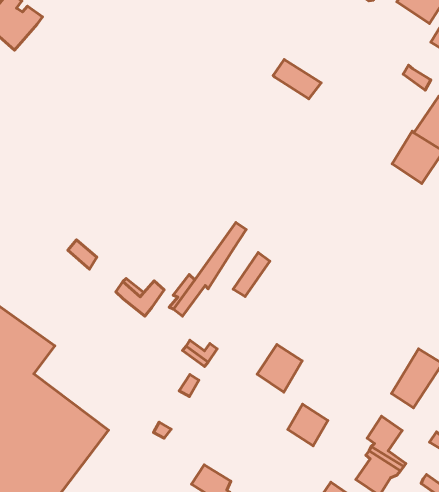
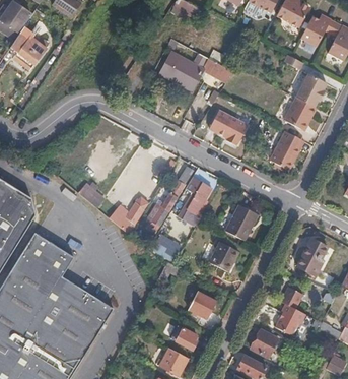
building: none -> [160,53,202,89]
building: none -> [208,109,247,144]
building: none -> [270,130,300,168]
building: none -> [224,206,256,241]
building: [288,404,328,446] -> [188,293,213,319]

